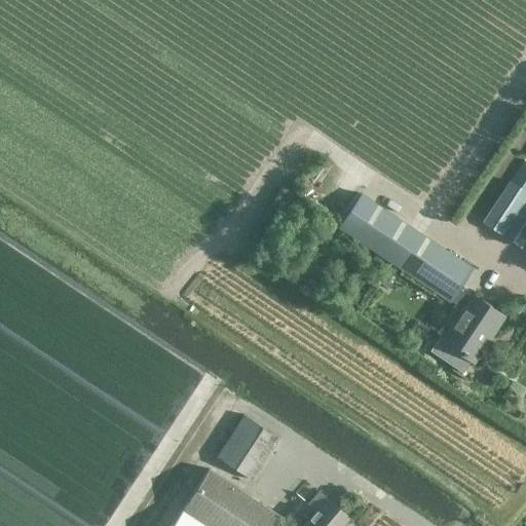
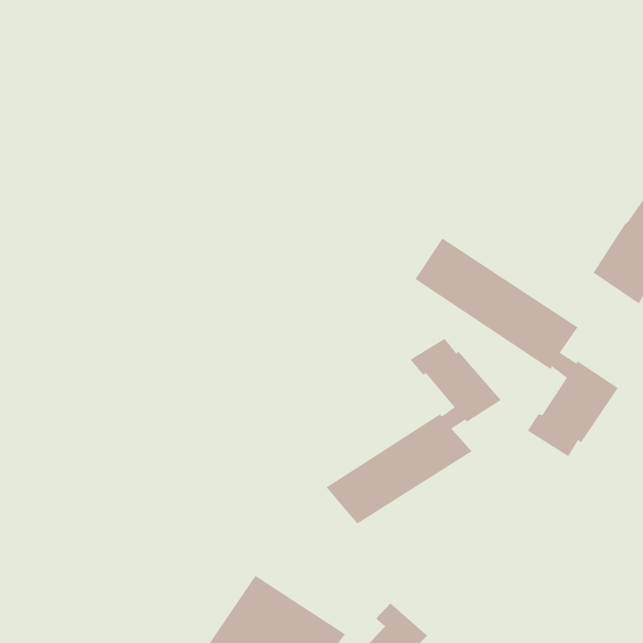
building: none -> [325,338,502,524]
building: [217,416,283,483] -> none

